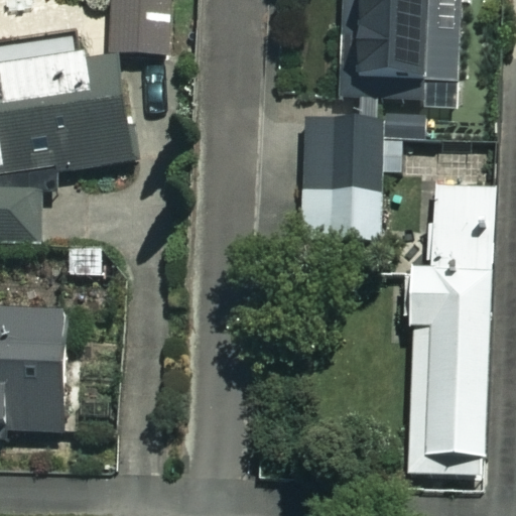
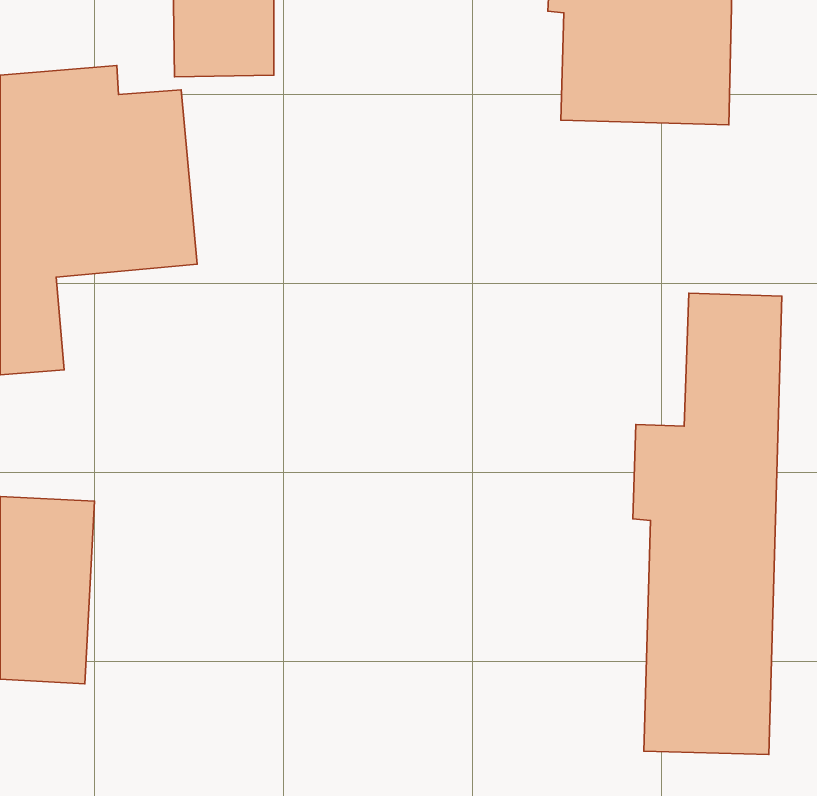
building: [300,107,387,240] -> none

